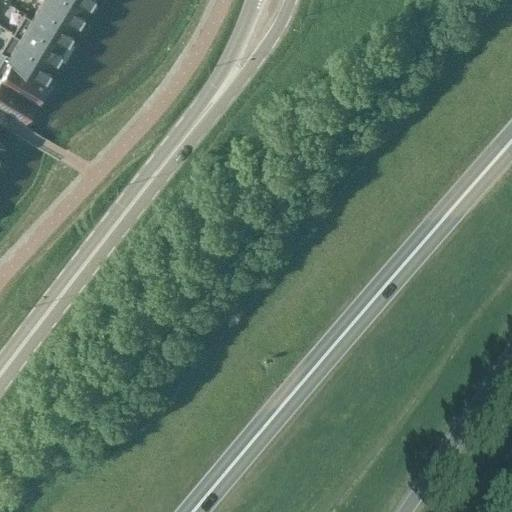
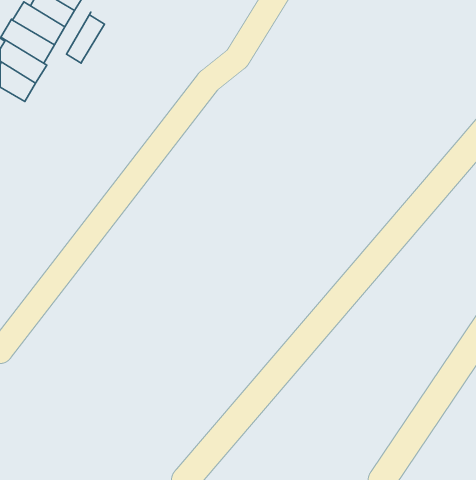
building: none -> [66,12,104,63]

